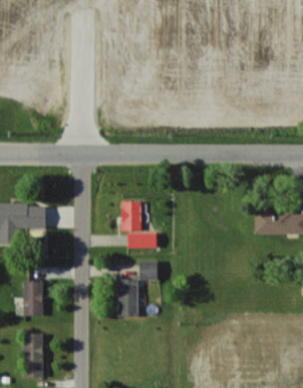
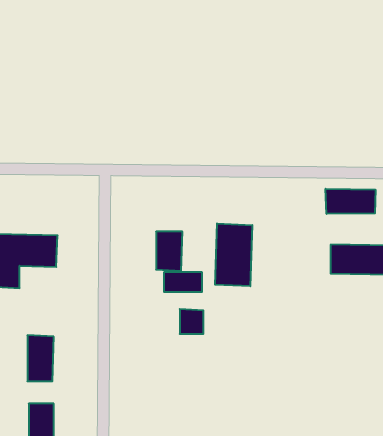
building: none -> [326,189,375,214]
building: none -> [215,223,252,286]
building: [117,278,137,317] -> none

